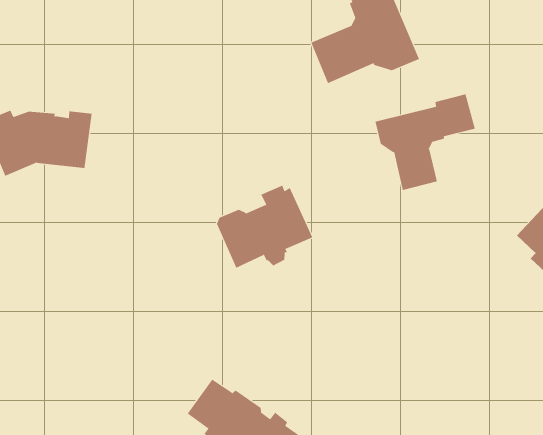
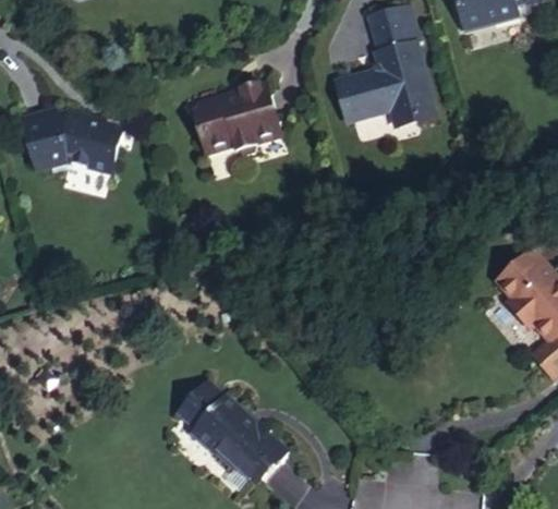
building: [375,93,475,191] -> none
building: [216,185,313,268] -> [193,85,281,159]

